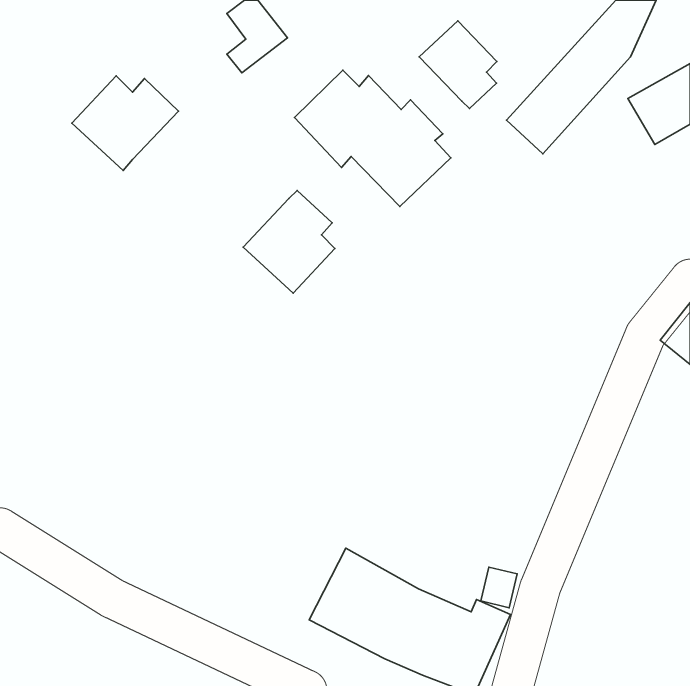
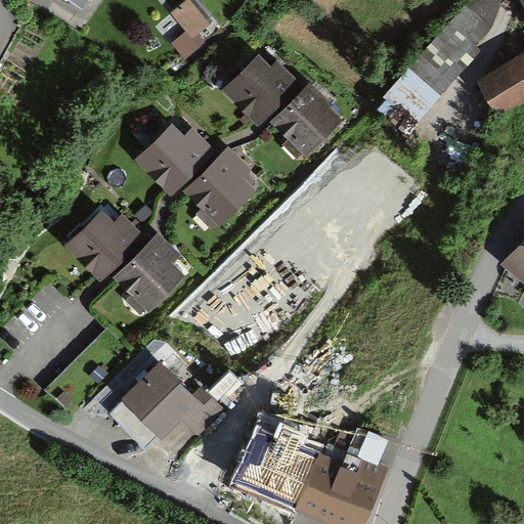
building: [419,21,497,108] -> none
building: [72,76,178,170] -> [138,127,219,199]
building: none -> [68,210,186,314]
building: none -> [112,360,223,446]

